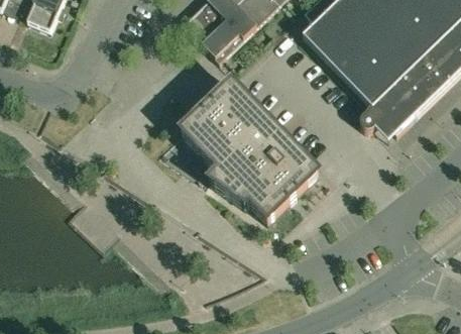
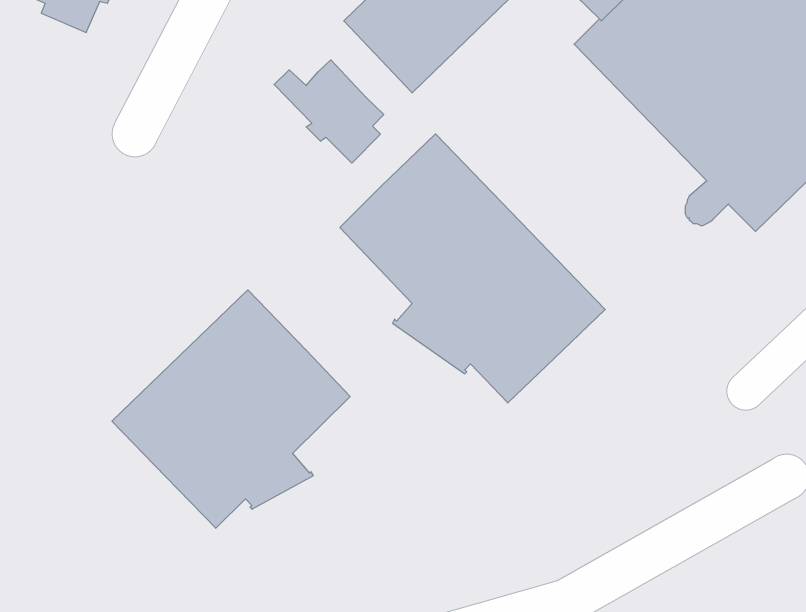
building: none -> [274,60,384,163]
building: none -> [112,290,350,528]

